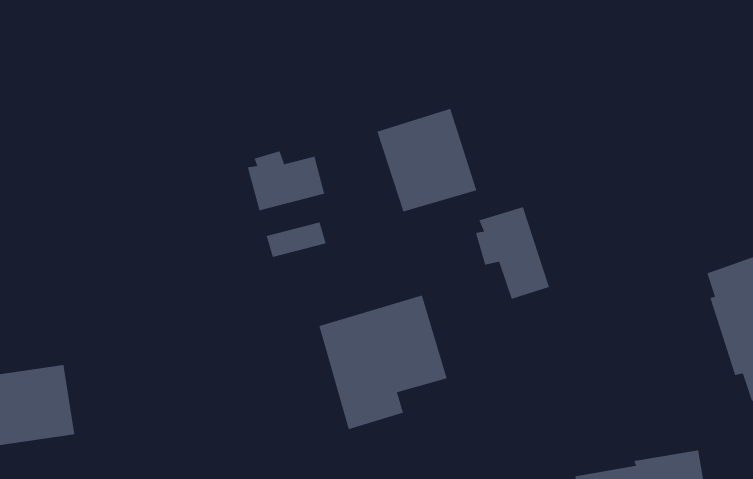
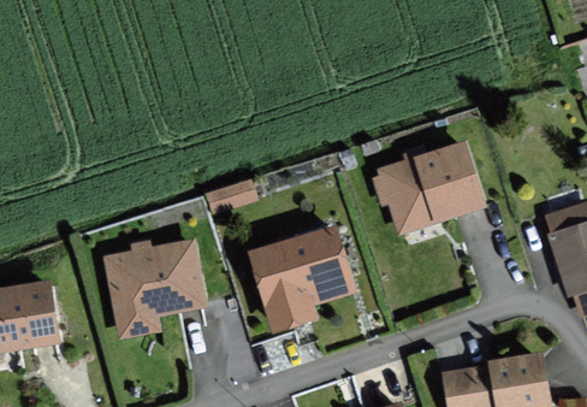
building: [376,108,477,212] -> [407,143,485,224]
building: [247,150,325,211] -> none
building: none -> [101,241,206,340]

